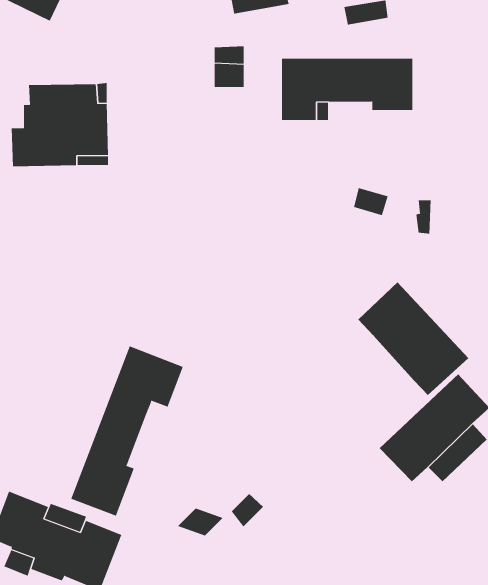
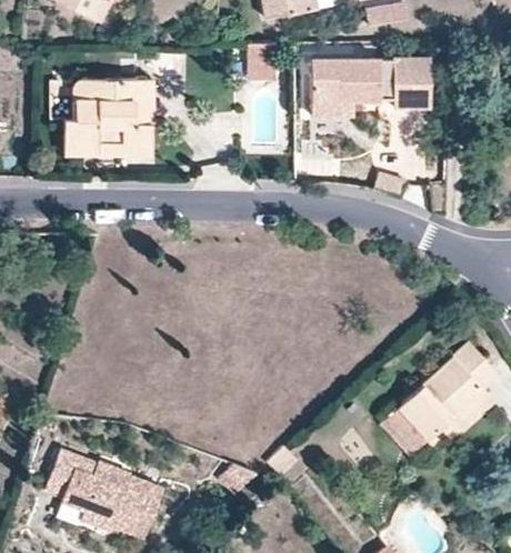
building: [357,282,469,396] -> none
building: [70,346,184,517] -> none
building: none -> [381,410,428,456]

